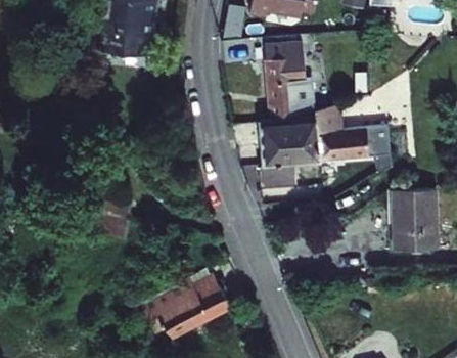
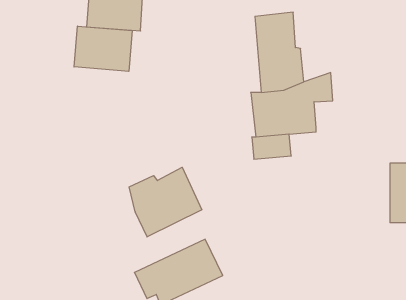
building: none -> [74,26,132,71]
building: [322,131,396,166] -> none
building: none -> [129,167,202,237]

